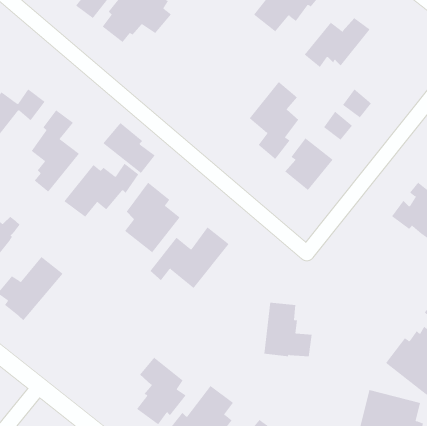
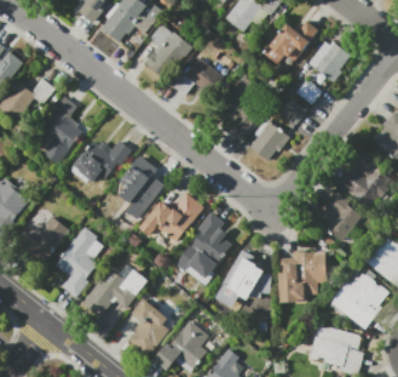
building: none -> [144,23,192,79]
building: none -> [308,41,350,82]
building: none -> [172,57,224,95]
building: [103,122,155,174] -> none
building: none -> [312,189,360,241]
building: none -> [175,212,231,278]
building: none -> [54,227,97,298]
building: none -> [277,250,327,302]
building: none -> [81,269,148,319]

